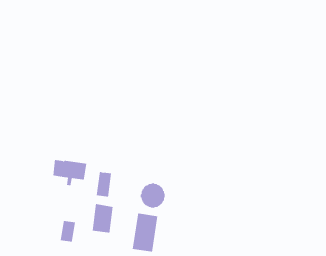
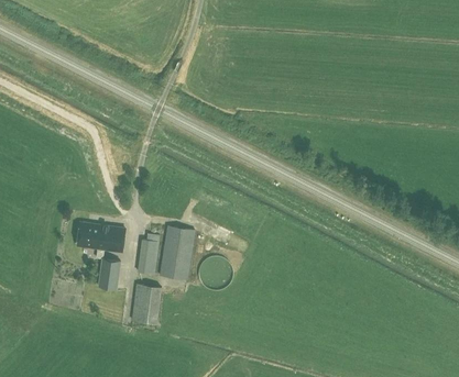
building: [132,213,158,252] -> [159,225,195,279]
building: [60,220,76,242] -> [98,258,120,288]

